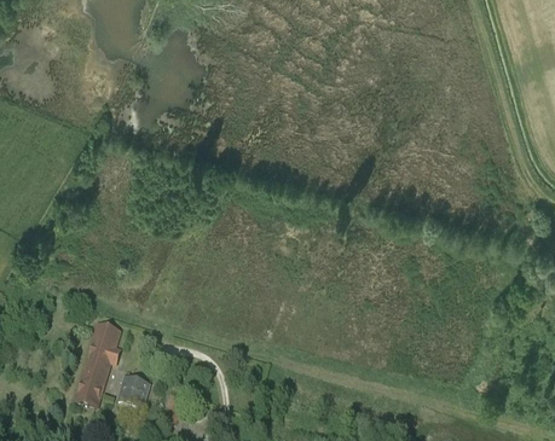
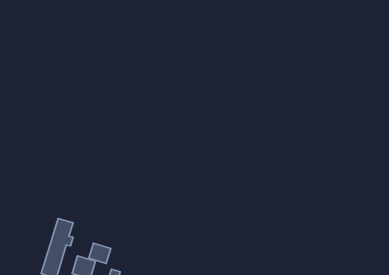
building: none -> [89,243,111,263]

